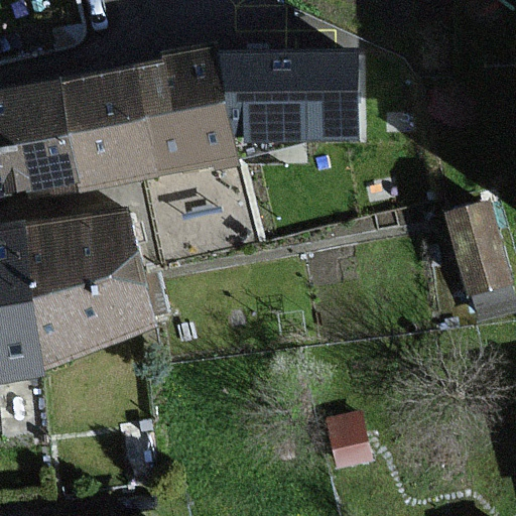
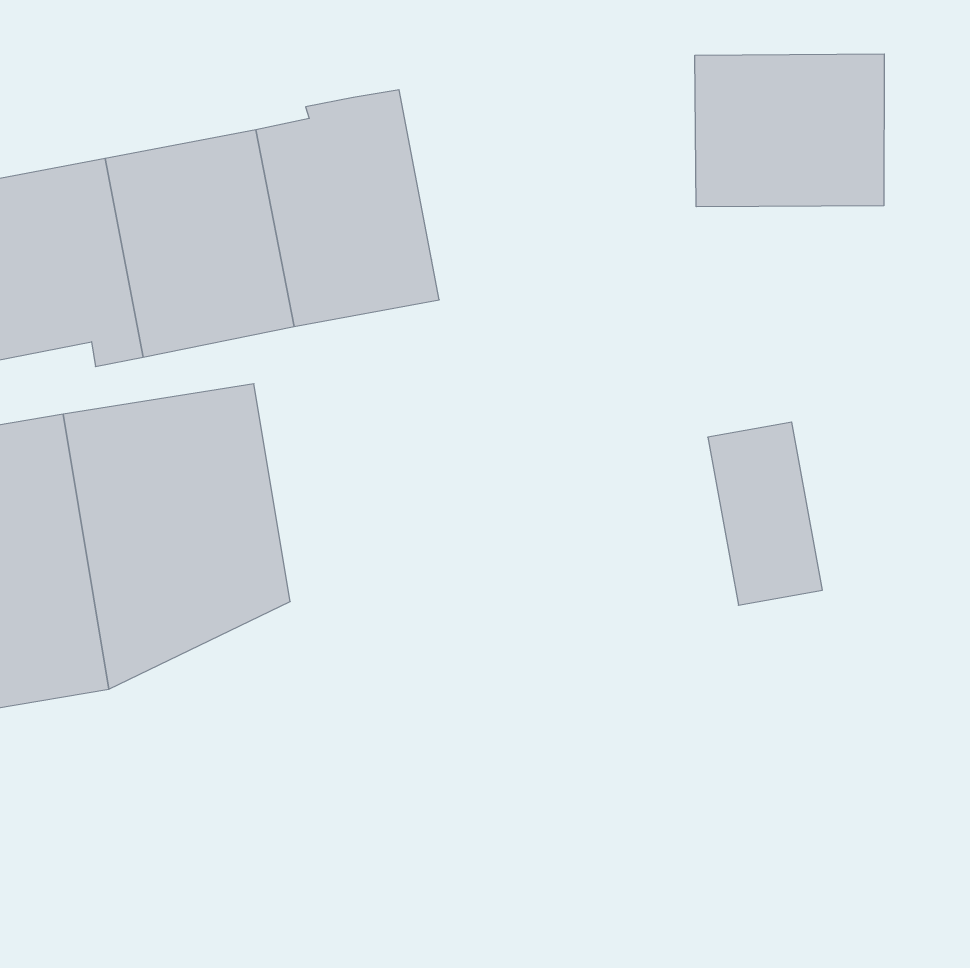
building: none -> [695,54,884,207]
building: [211,50,357,141] -> none
building: [446,195,507,291] -> [708,422,822,605]

